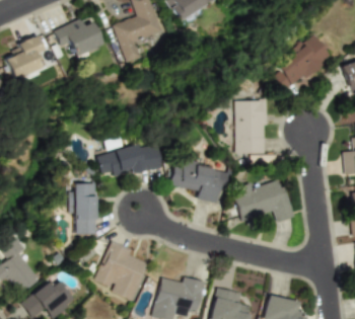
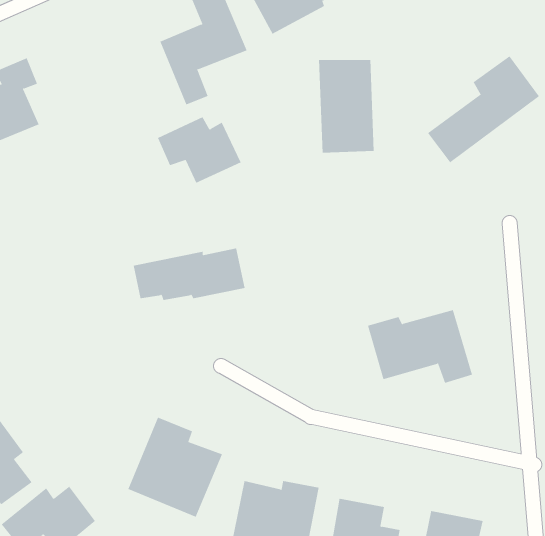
building: [54,18,102,57] -> [157,117,242,184]
building: [235,100,268,154] -> [318,60,375,153]
building: [170,159,228,203] -> none
building: [71,183,97,234] -> none

